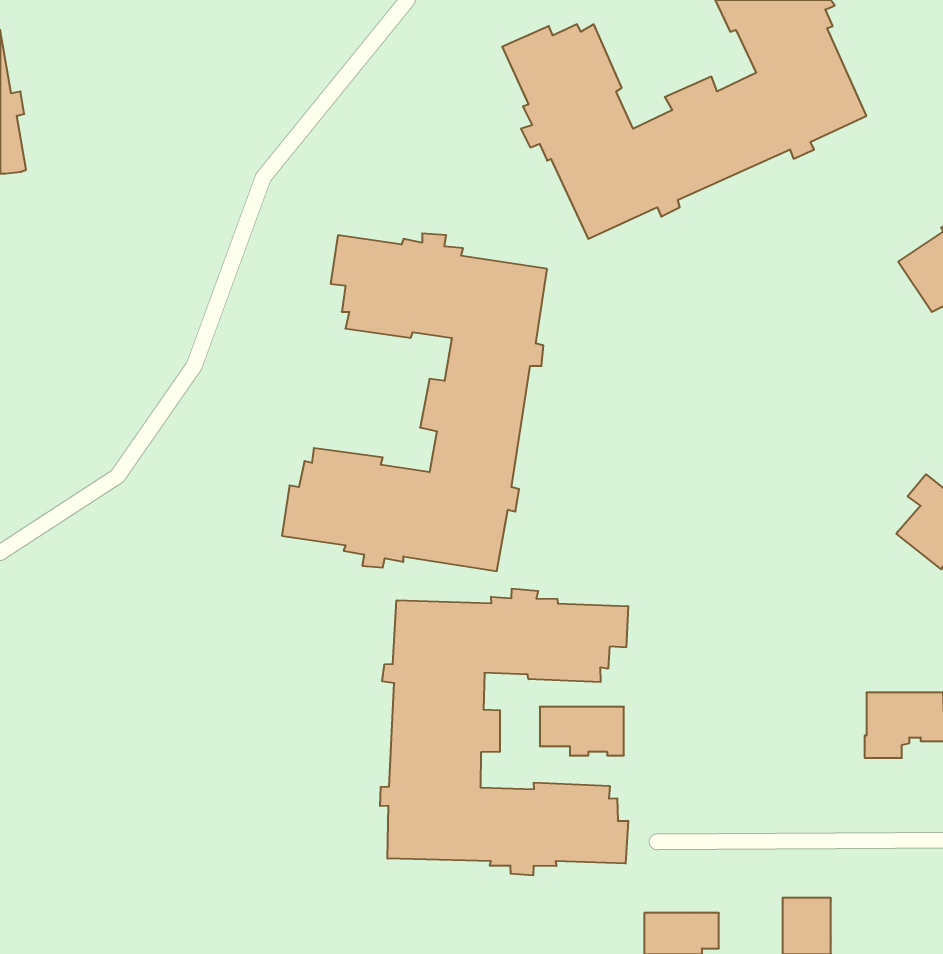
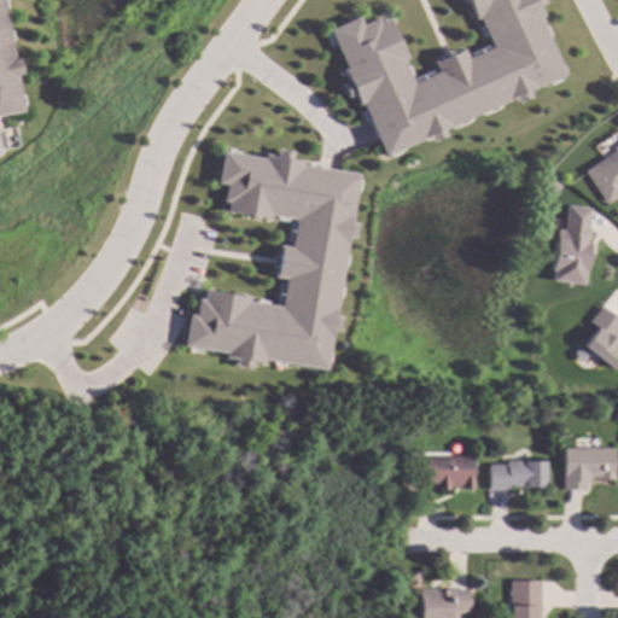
building: none -> [556,204,596,285]
building: [380,589,628,875] -> none
building: [540,707,624,755] -> [422,457,477,489]
building: none -> [492,461,550,490]

